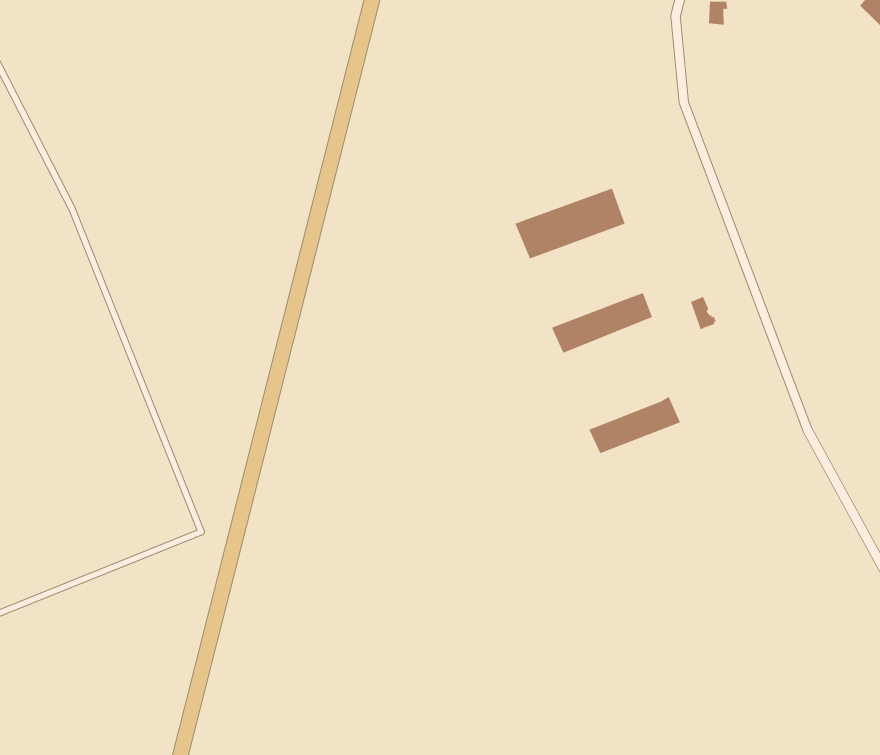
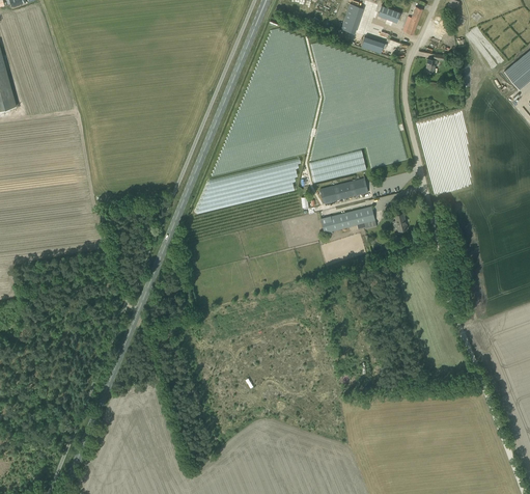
building: [589,396,681,454] -> [319,179,368,203]

